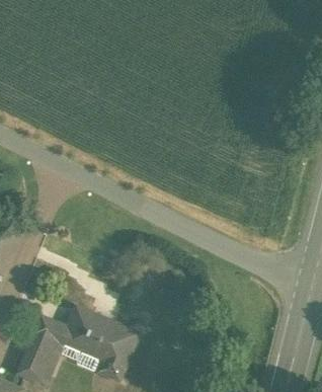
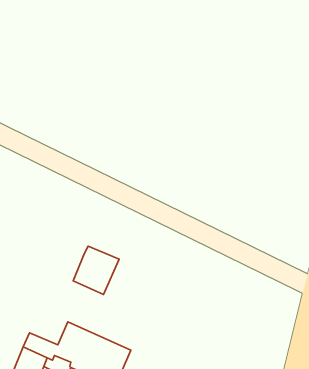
building: none -> [73,246,119,294]

